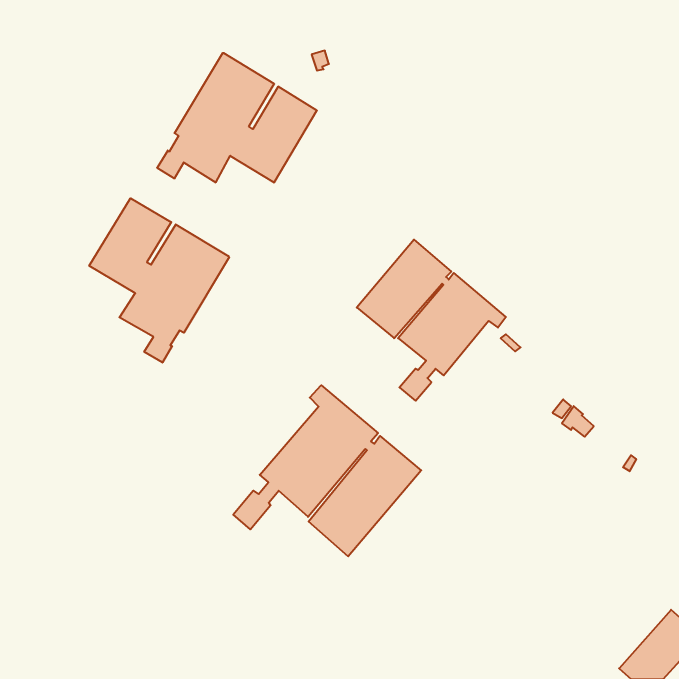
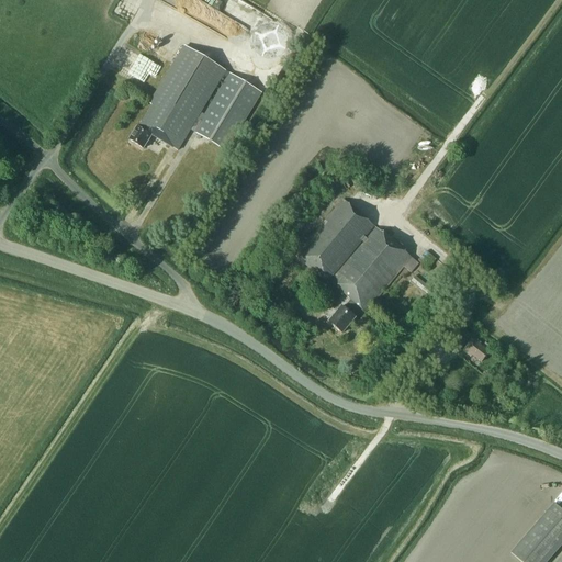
building: [89,198,229,363] -> none
building: [233,385,421,556] -> none

